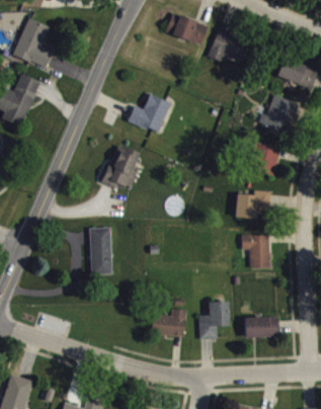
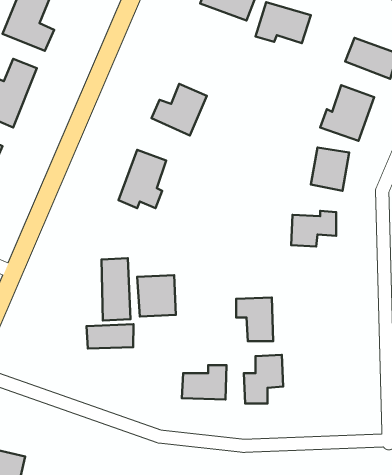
building: [241,234,269,267] -> [236,298,273,341]
building: none -> [137,275,176,317]
building: none -> [87,324,134,349]
building: [244,317,278,337] -> none

